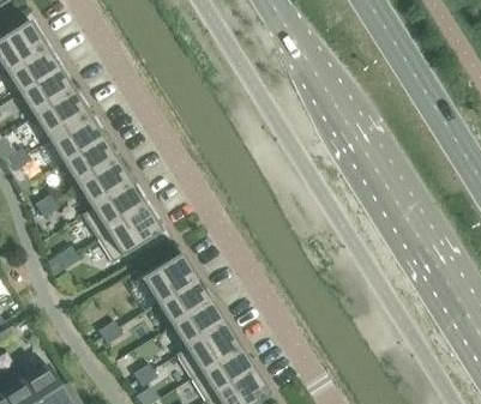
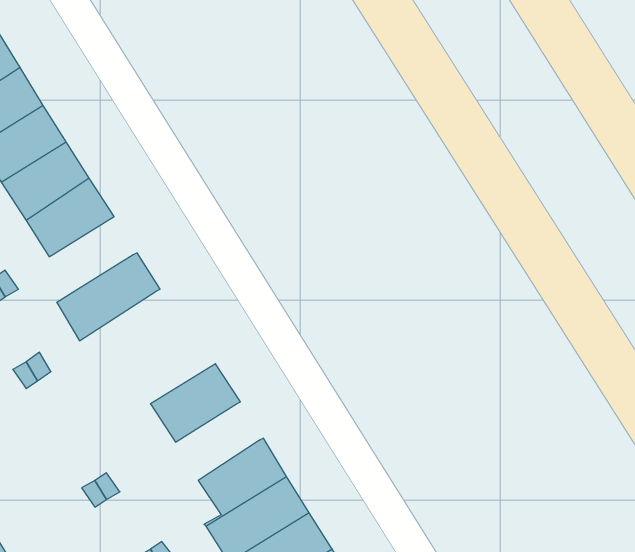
building: [79,161,134,209] -> none
building: [98,206,164,263] -> none
building: [158,277,214,326] -> none

